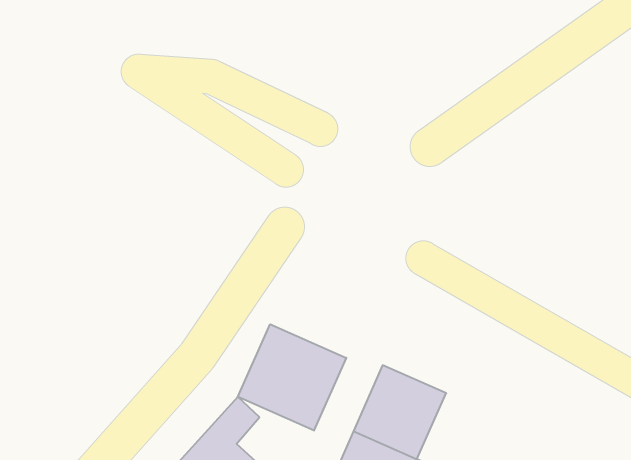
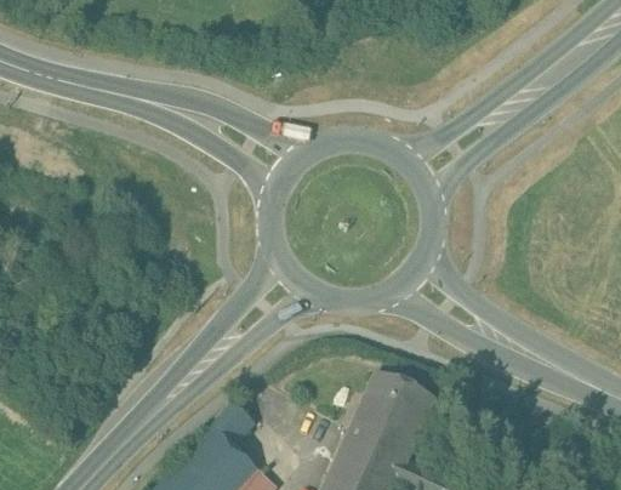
building: [238,324,346,431] -> none

